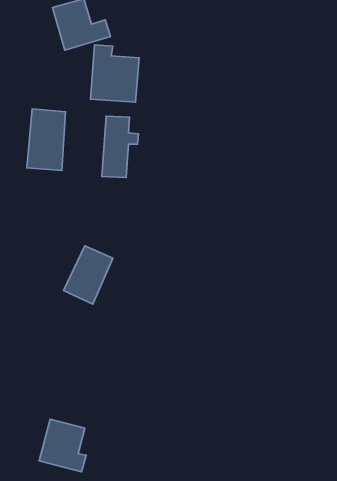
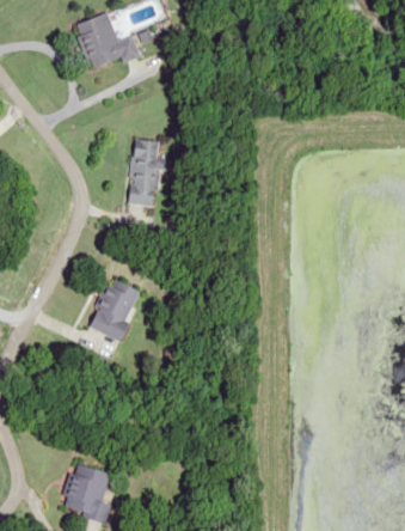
building: [91,45,139,102] -> none
building: [27,109,65,170] -> none

